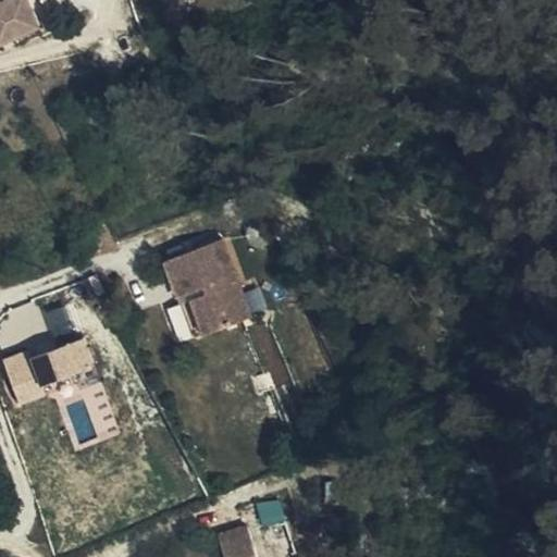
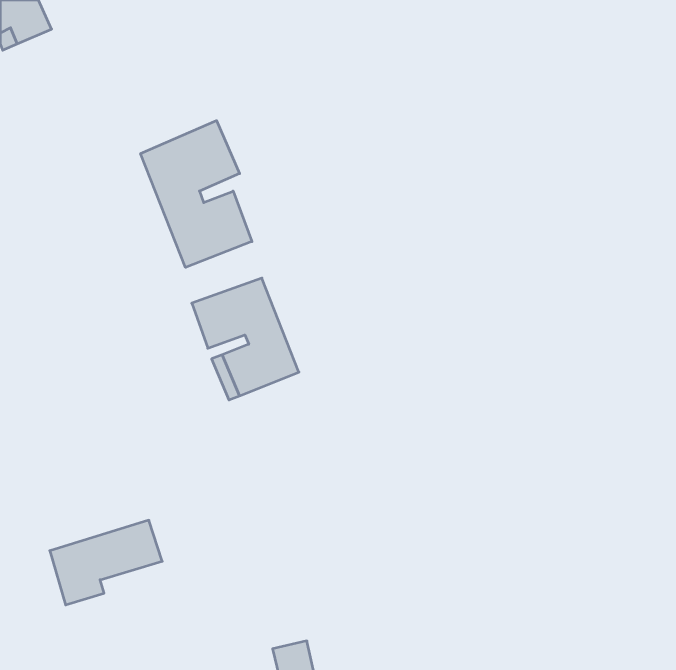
building: none -> [141,121,252,267]
building: [9,336,101,406] -> [50,520,162,605]

